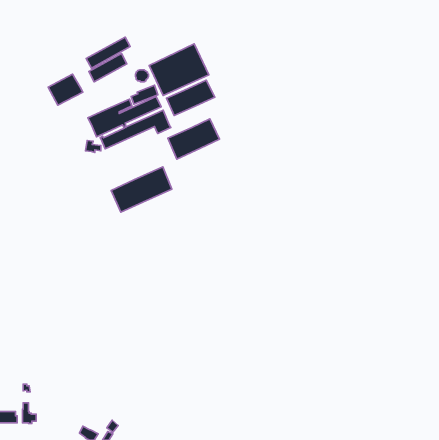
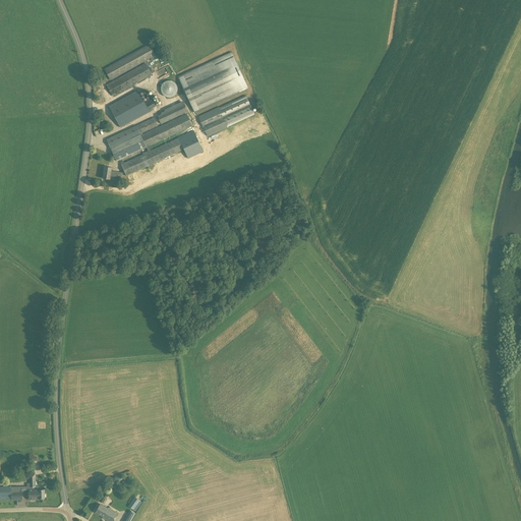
building: [48,74,83,105] -> [107,91,148,127]
building: [168,119,219,159] -> none
building: [111,167,172,212] -> none

